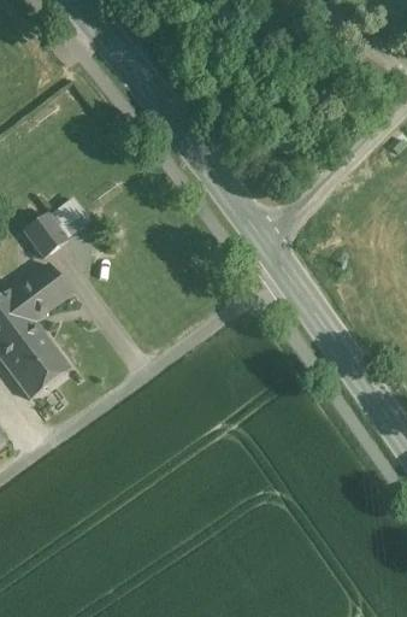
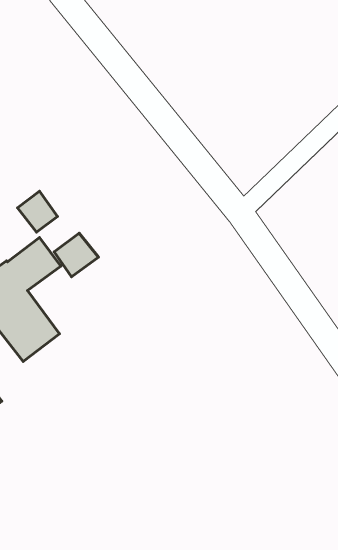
building: none -> [54,233,98,277]

